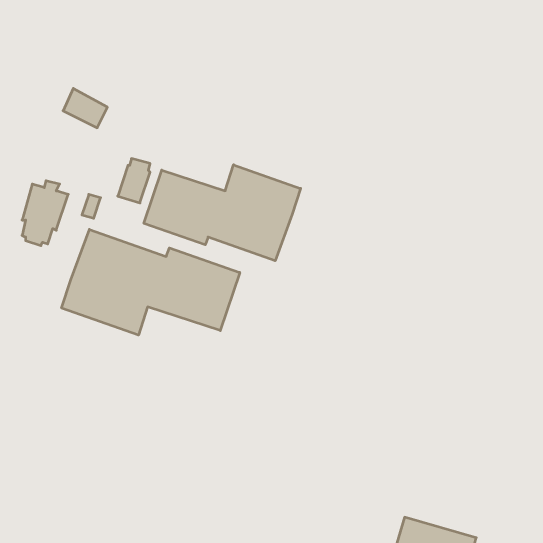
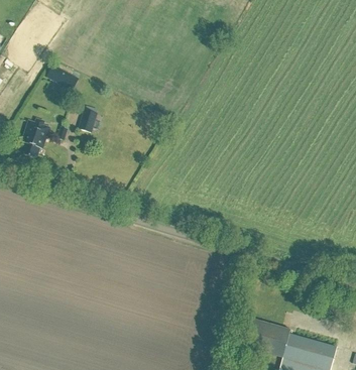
building: [144,165,301,261] -> none
building: [62,229,240,335] -> none

